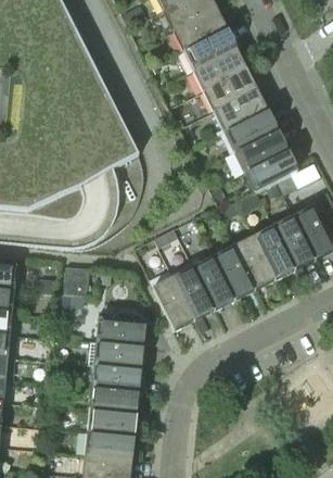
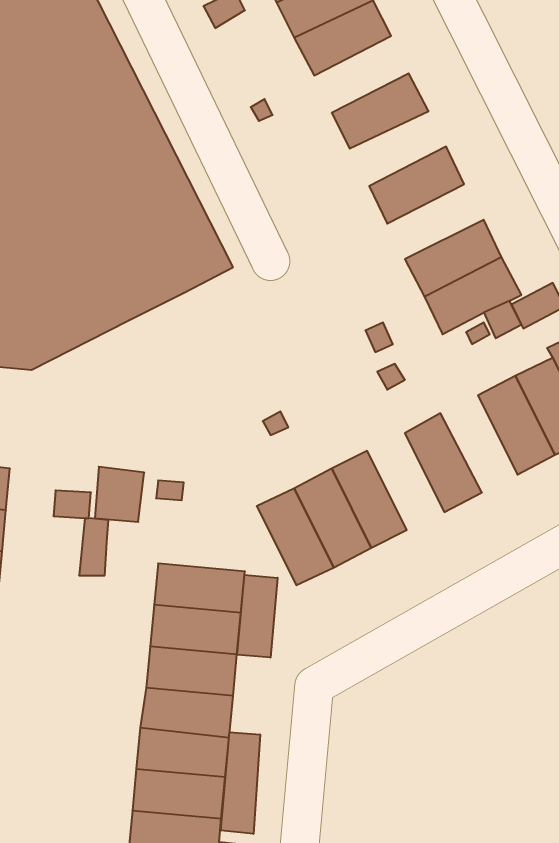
building: [183,26,235,68] -> none
building: [203,67,256,109] -> none
building: [223,108,277,149] -> none
building: [253,224,295,277] -> none
building: [213,244,255,298] -> none
building: none -> [237,575,278,658]
building: none -> [221,732,260,834]

